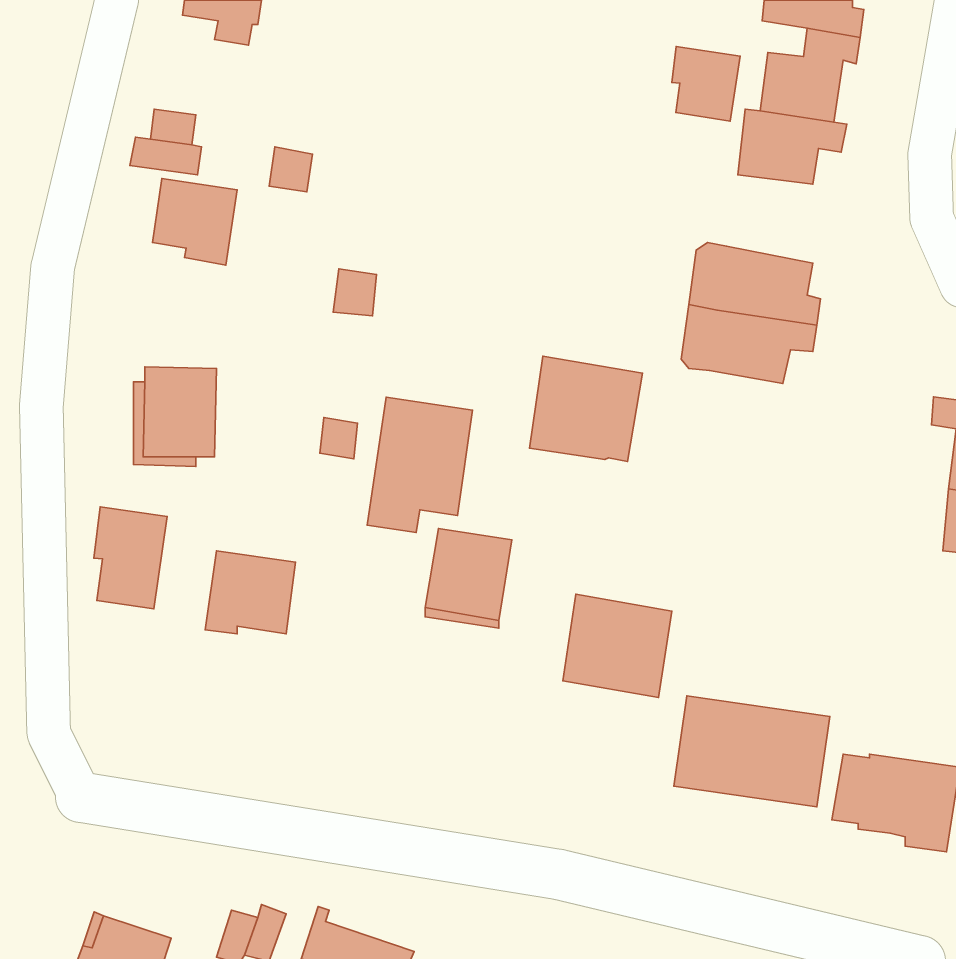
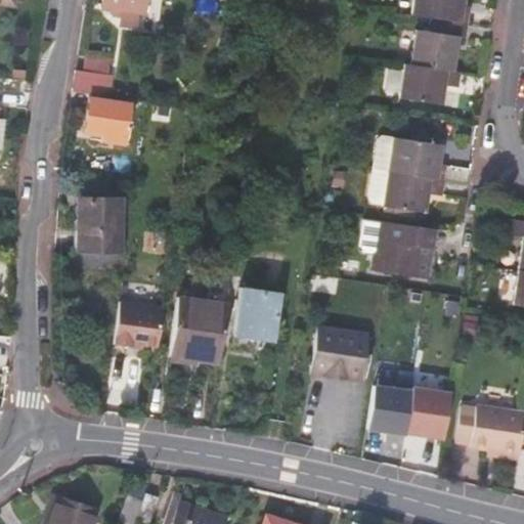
building: [672,46,740,121] -> none
building: [530,356,642,461] -> [370,218,432,275]
building: [367,397,473,533] -> [170,298,227,372]
building: [94,507,167,609] -> none

